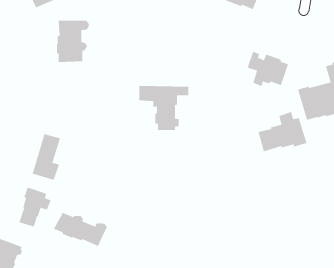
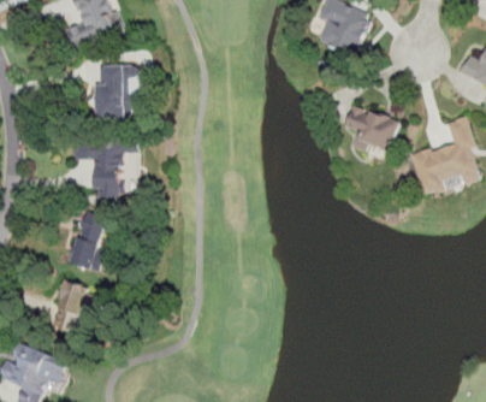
building: [139,86,189,131] -> [78,140,143,197]
building: [258,111,307,152] -> none
building: [53,212,107,247] -> none

